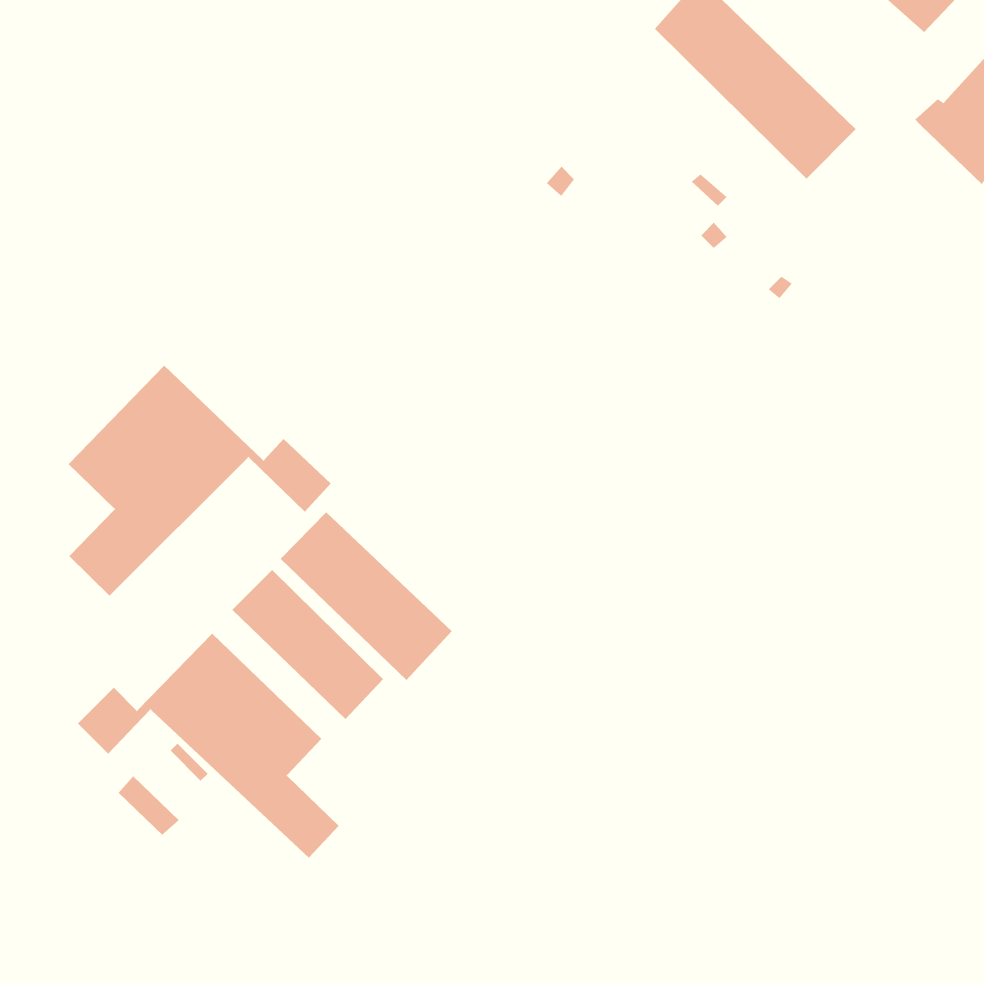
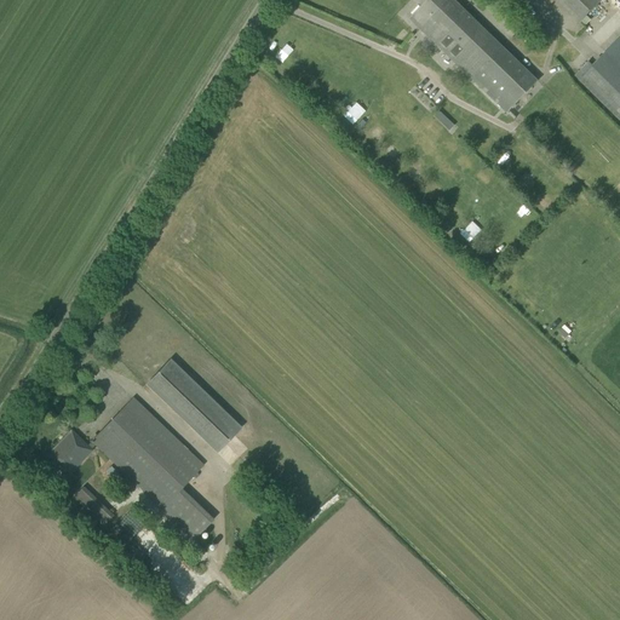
building: [68,365,332,597] -> none
building: [280,511,453,681] -> none

